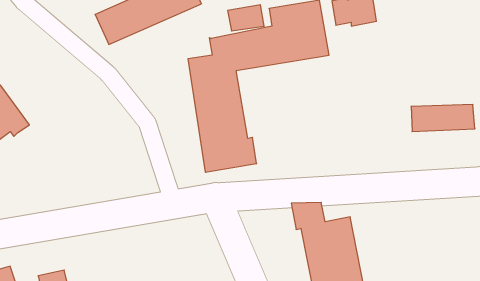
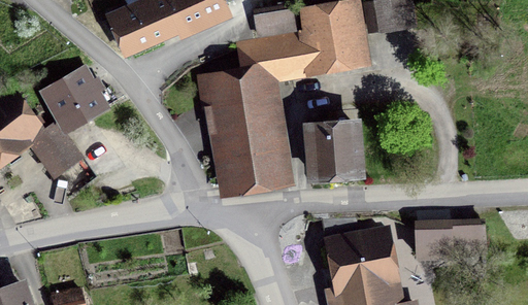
building: none -> [45,70,104,129]
building: [411,105,475,132] -> [417,228,485,257]
building: none -> [309,120,359,176]
building: none -> [31,126,81,177]

